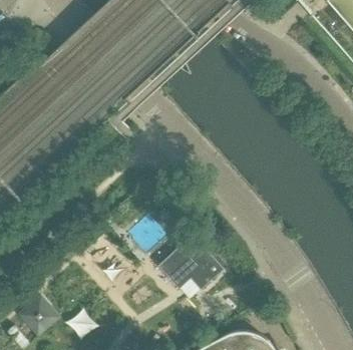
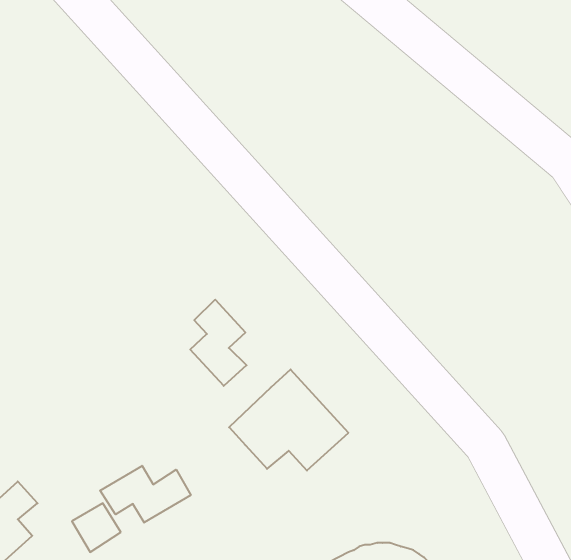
building: none -> [190,300,247,386]
building: none -> [100,466,191,523]

